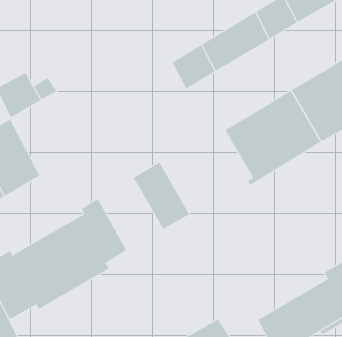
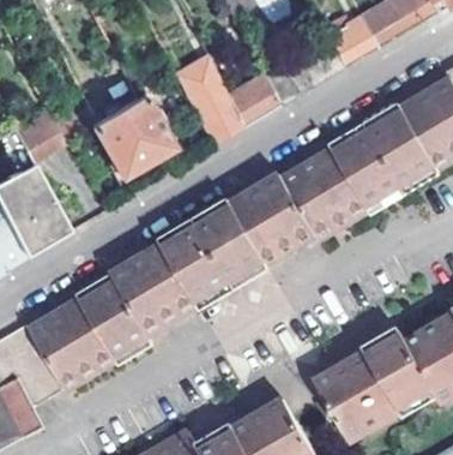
building: none -> [175,55,242,143]
building: none -> [91,95,169,174]
building: none -> [211,172,322,276]
building: none -> [137,232,215,319]
building: none -> [316,328,412,403]

